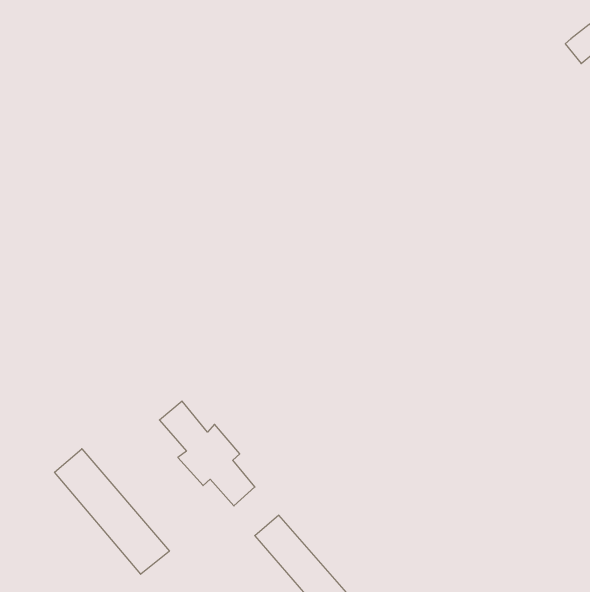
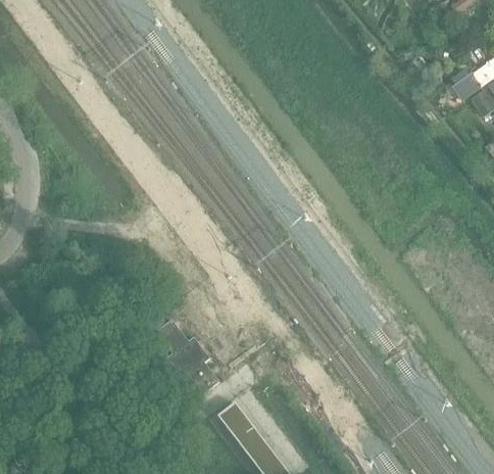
building: [55,449,169,574] -> none

